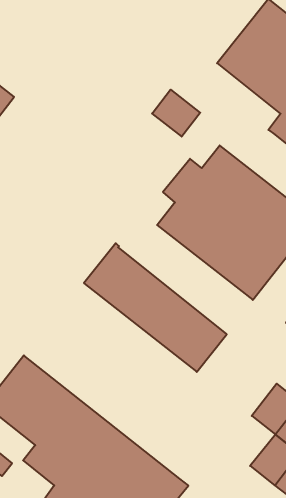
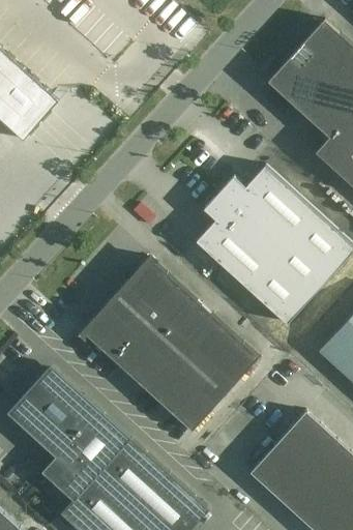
building: [152,90,200,137] -> none
building: none -> [83,296,226,432]
building: none -> [251,443,301,494]

